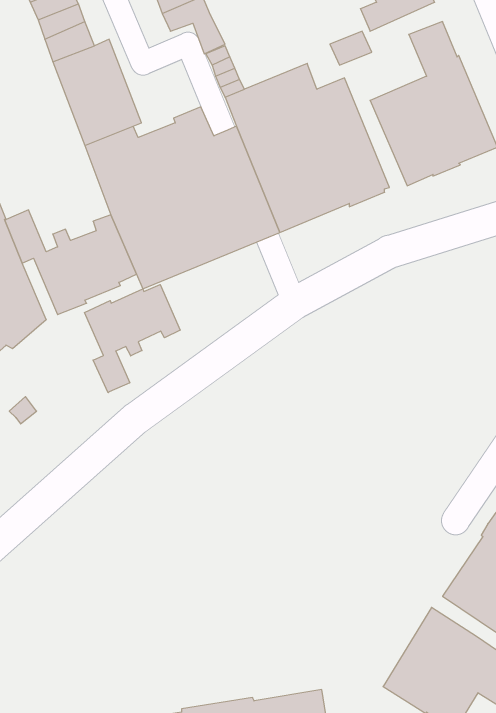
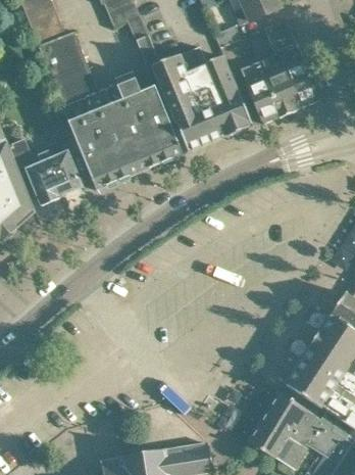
building: [85,285,180,393] -> none

